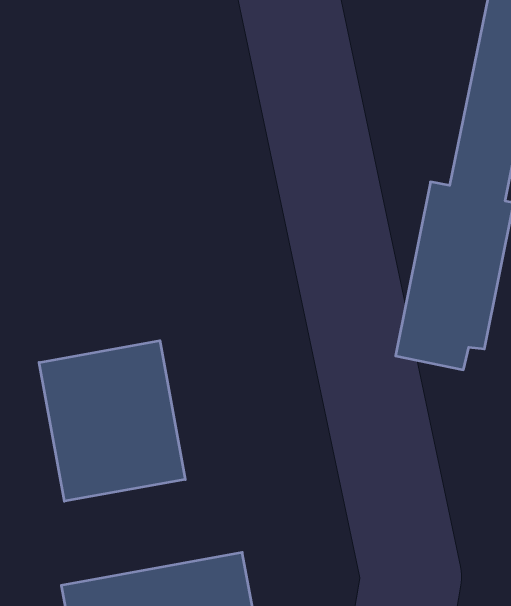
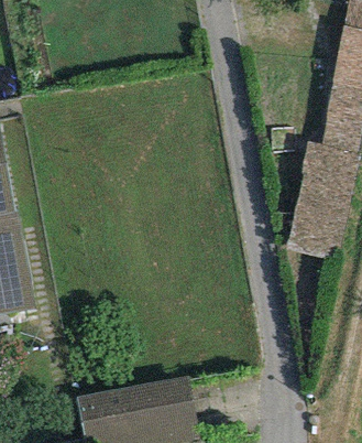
building: [39,341,185,501] -> none

